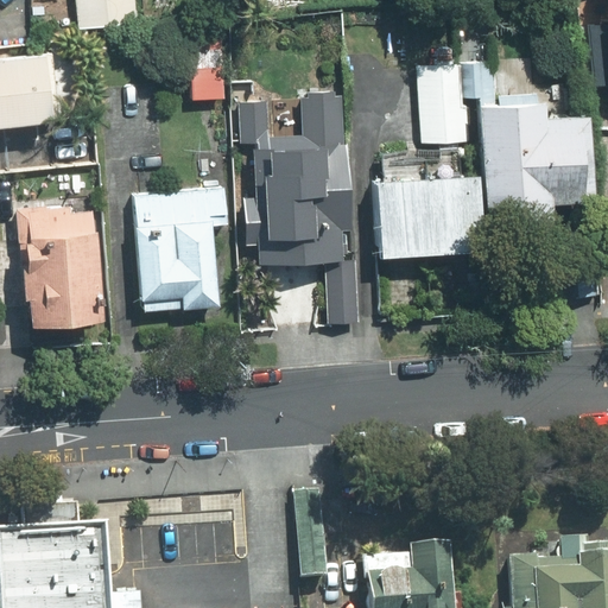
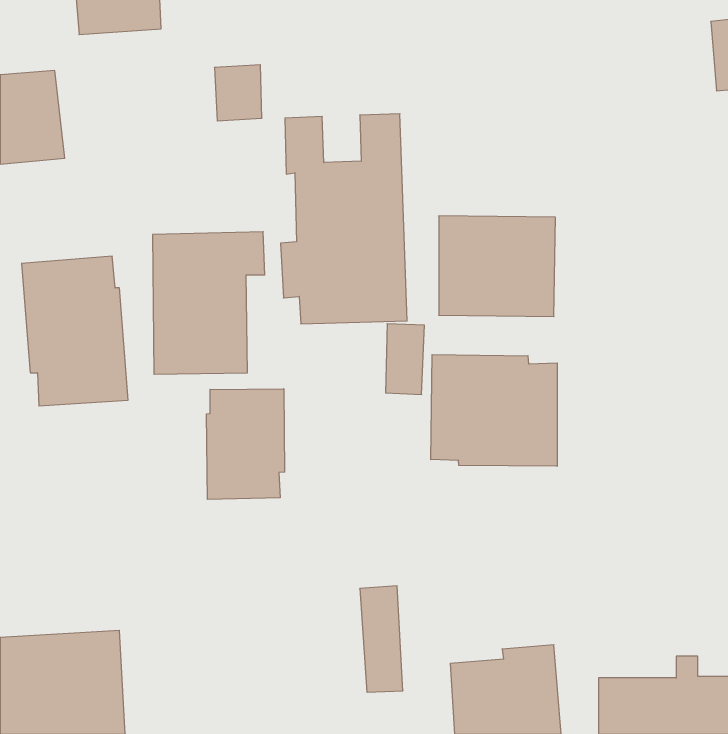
building: [419,64,572,228] -> none
building: none -> [431,355,557,466]
building: none -> [207,389,285,499]

